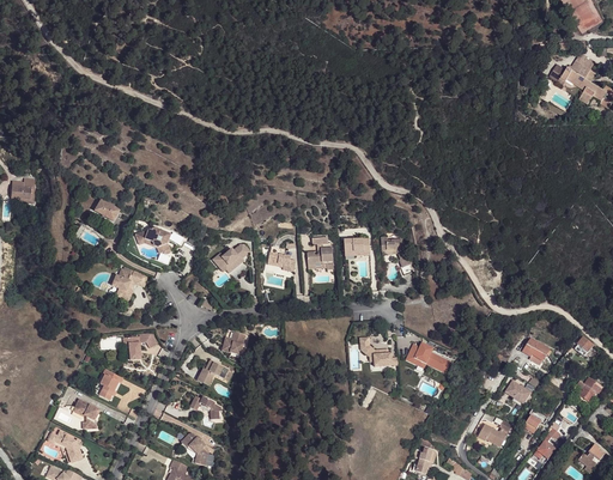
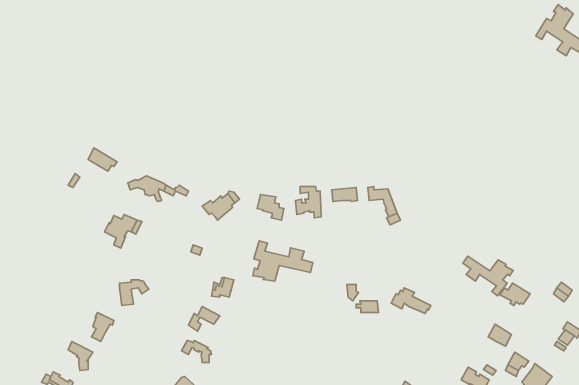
building: [10,177,34,203] -> none
building: none -> [253,241,313,281]
building: none -> [463,256,513,296]

